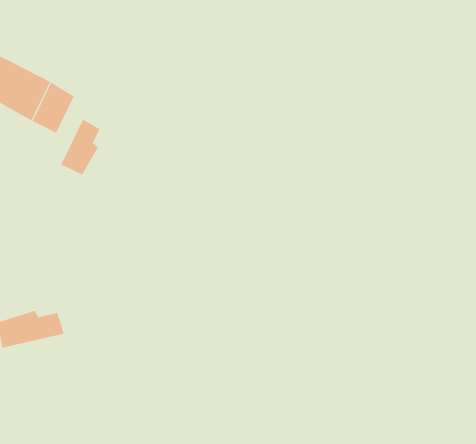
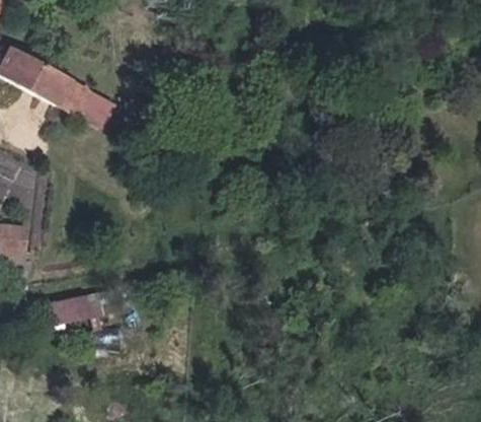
building: [60,119,100,175] -> none

